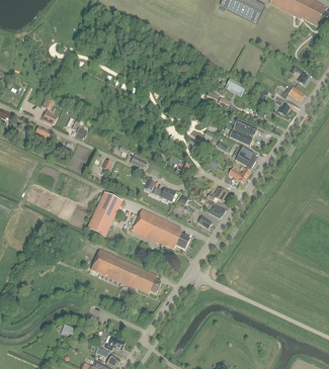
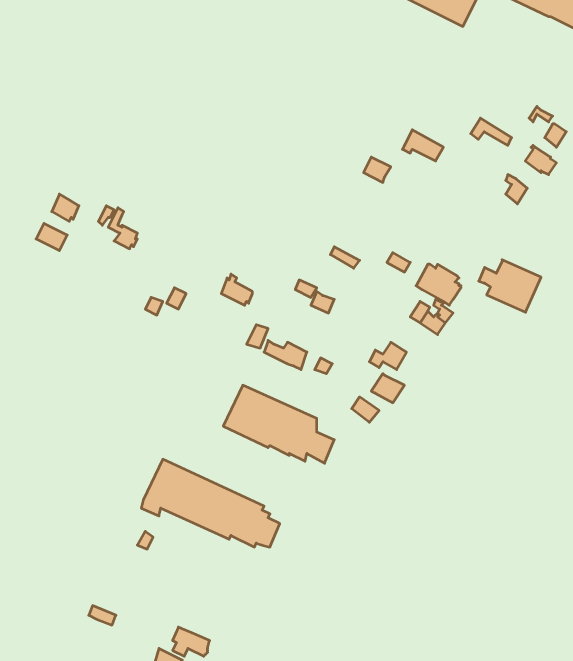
building: [225,118,257,146] -> [479,260,541,312]
building: [86,192,121,238] -> none

